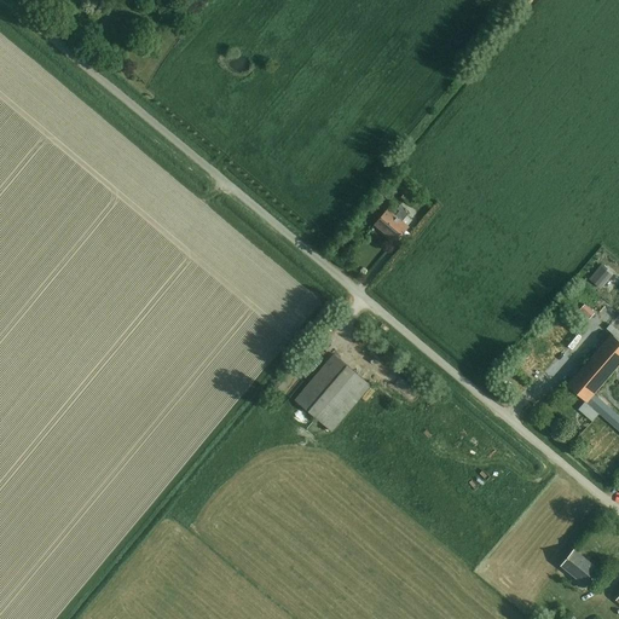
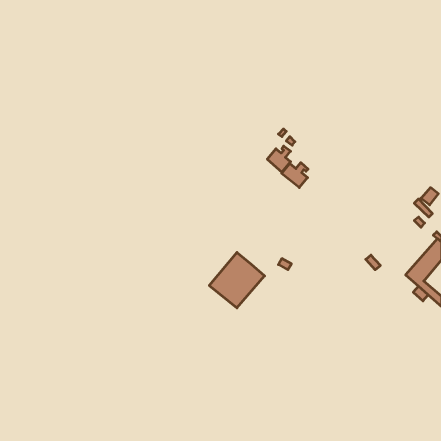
building: none -> [282,163,308,188]
building: [560,549,600,586] -> none

